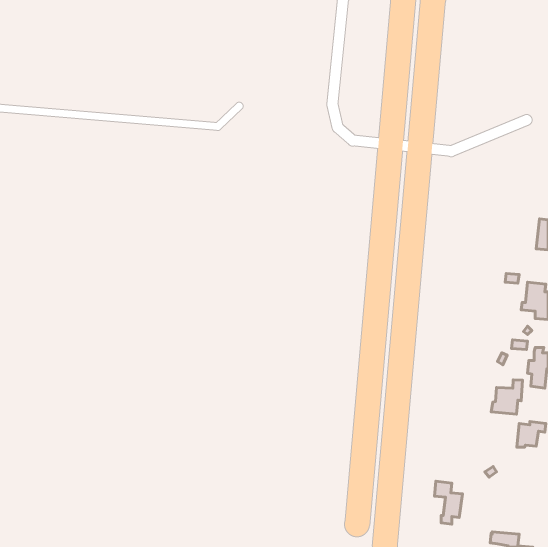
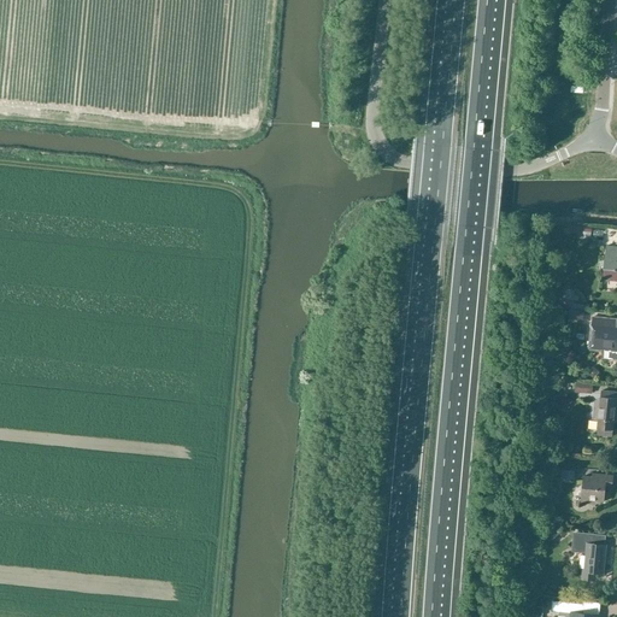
building: [491,380,522,414] -> none
building: [435,481,463,524] -> [575,531,606,580]

